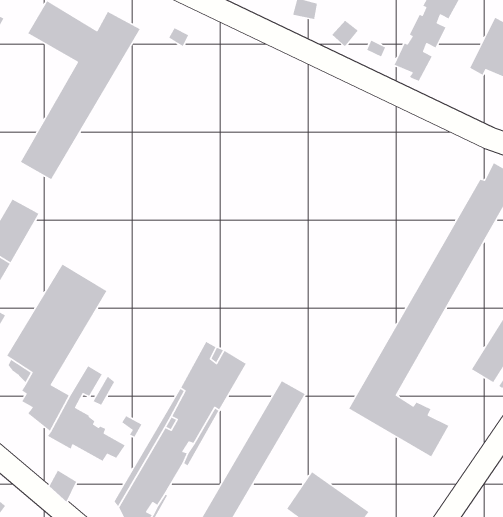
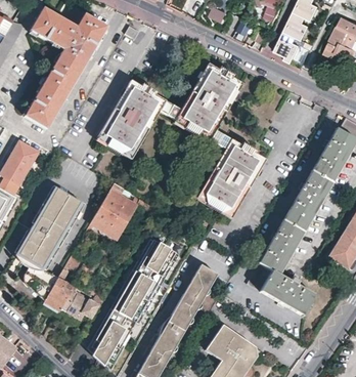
building: none -> [97,64,265,215]
building: none -> [89,181,158,238]

